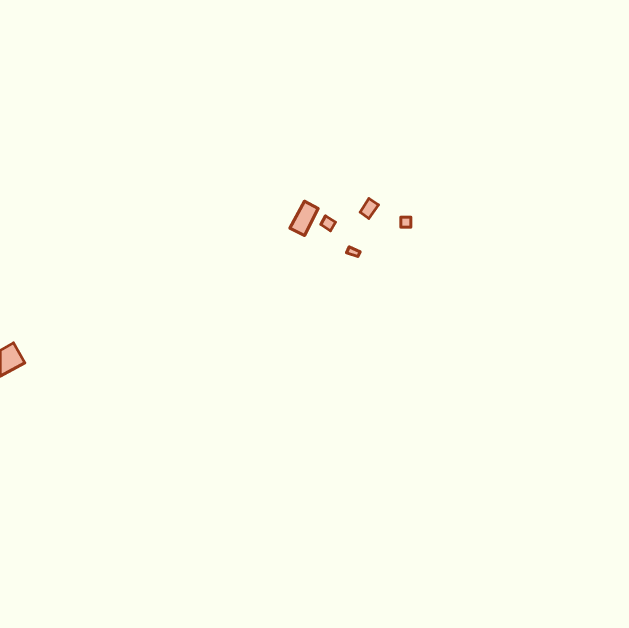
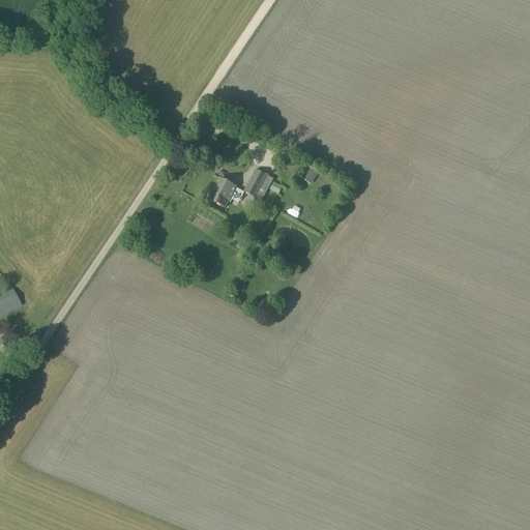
building: none -> [210,177,237,206]

